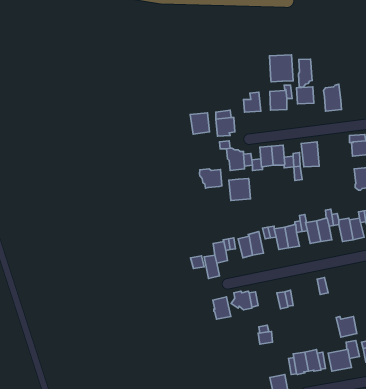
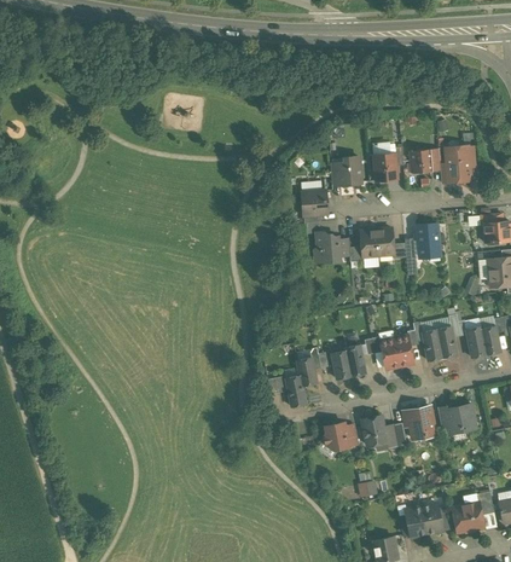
building: [270,55,293,82] -> none
building: [298,59,312,87] -> none
building: [190,113,209,134] -> none
building: [200,169,222,188] -> none
building: [229,178,251,200] -> none
building: none -> [402,406,435,438]
building: [213,297,231,319] -> [362,416,387,446]
building: [336,317,357,337] -> [447,405,475,433]

